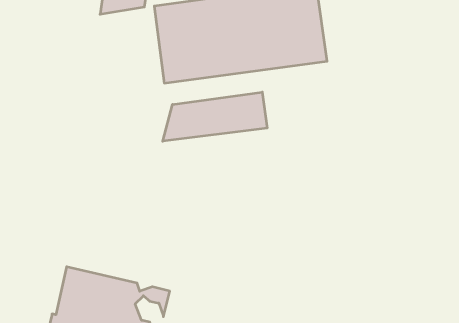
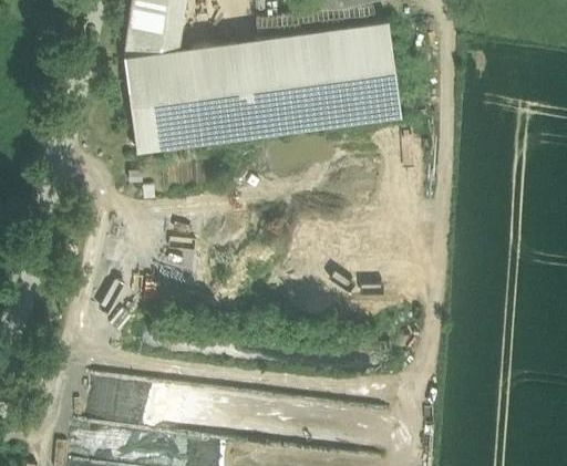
building: none -> [124,51,203,154]
building: [163,92,267,141] -> none

